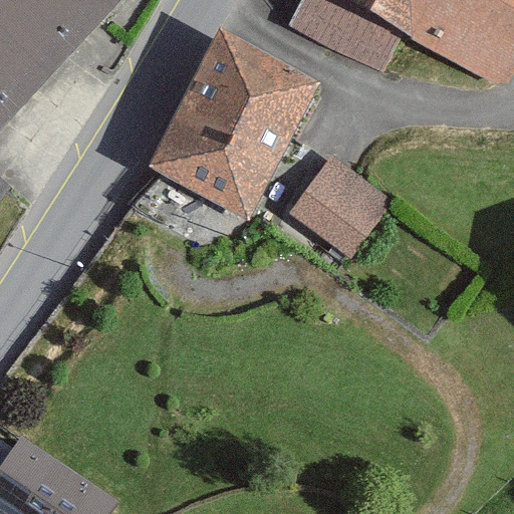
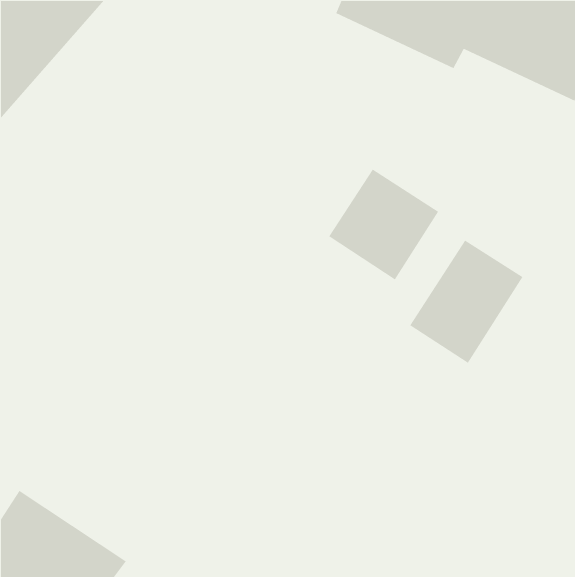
building: [148,34,313,215] -> none
building: none -> [409,240,523,364]

